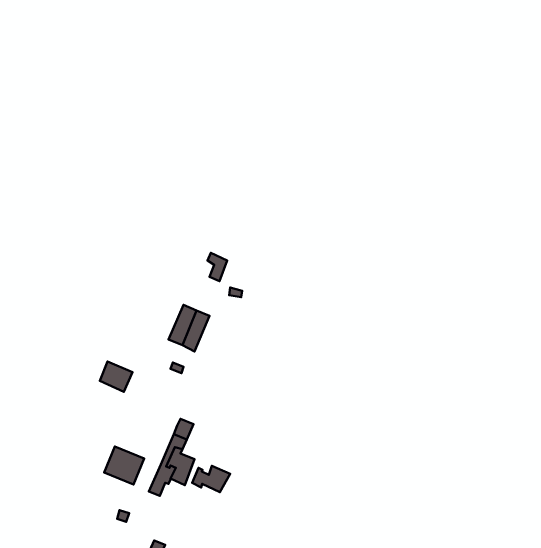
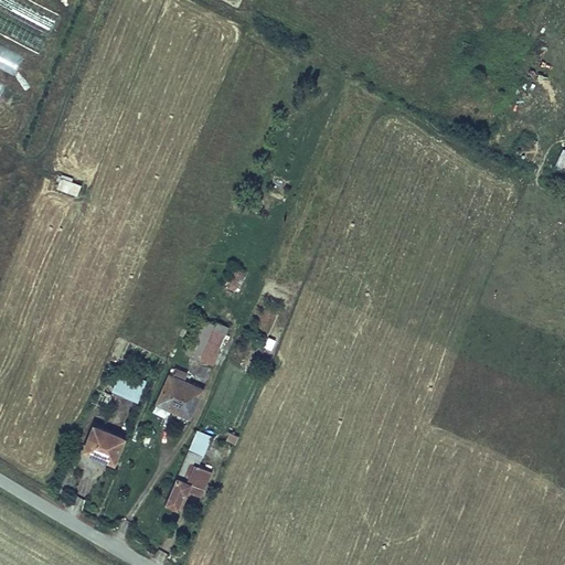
building: none -> [158,370,203,419]
building: [104,447,144,485] -> [84,429,125,468]
building: [192,466,230,492] -> none

